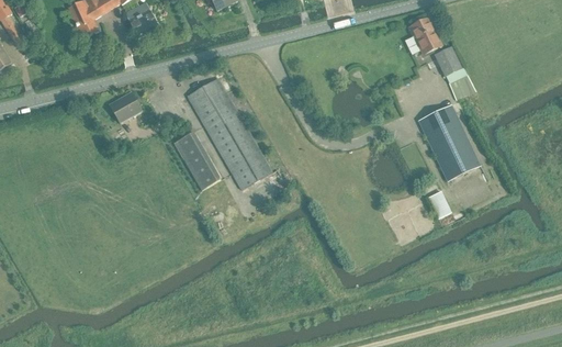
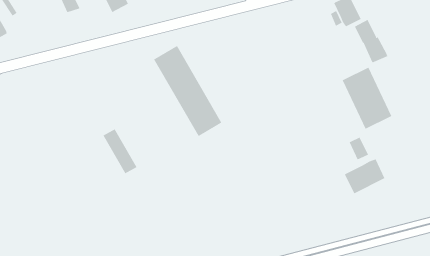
building: [111,91,142,122] -> none
building: [173,133,216,189] -> [103,128,138,174]
building: none -> [345,158,385,194]

